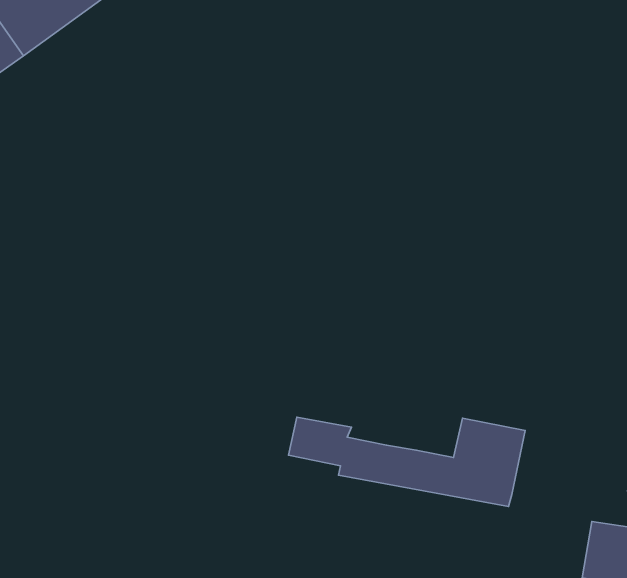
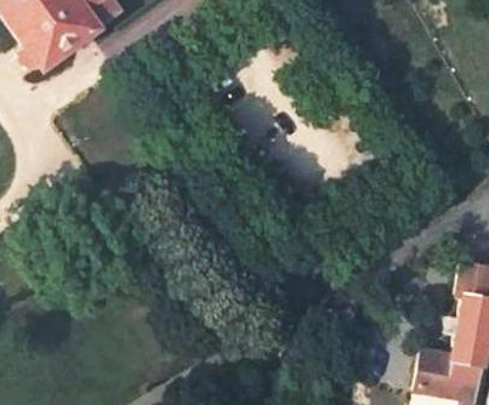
building: [289,417,525,506] -> none

